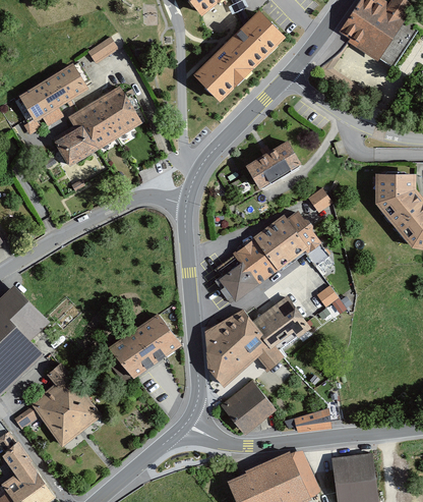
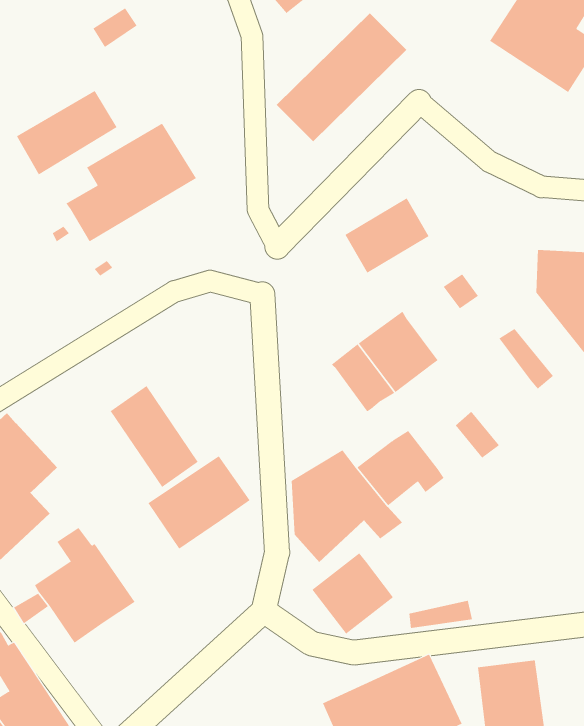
building: [87,38,118,65] -> [93,8,137,48]
building: [285,213,322,255] -> [499,328,554,389]
building: [212,254,257,301] -> none
building: none -> [110,385,199,488]

